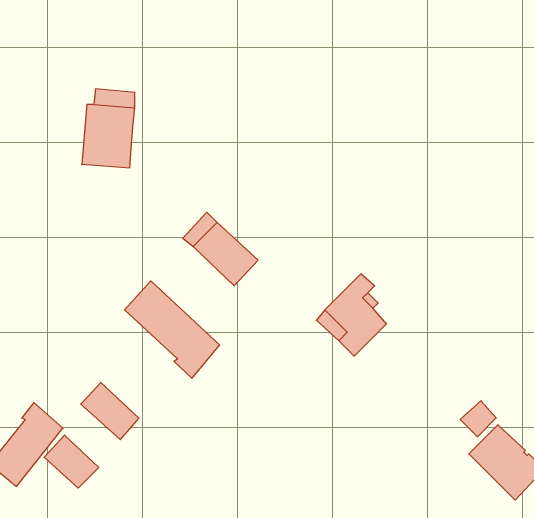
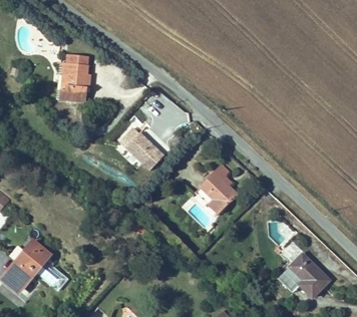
building: [124,281,219,378] -> none
building: [81,382,139,440] -> none

